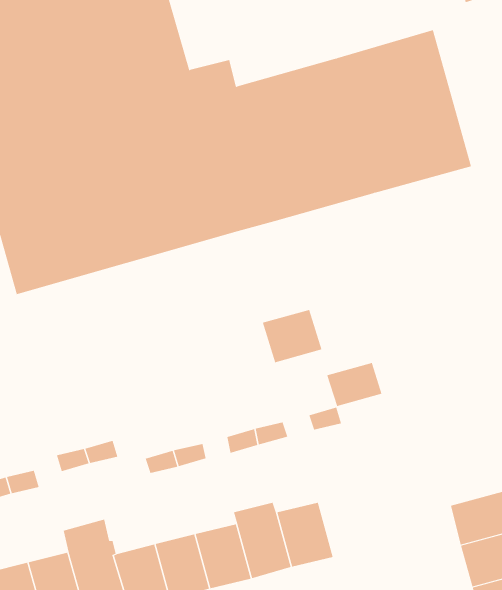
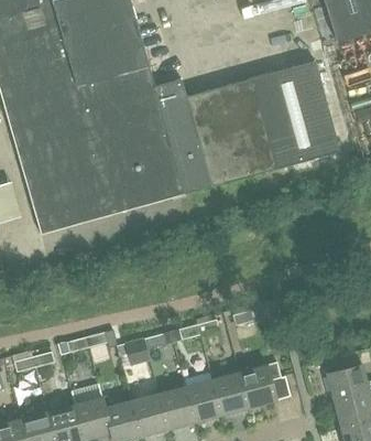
building: [262,309,322,363] -> none
building: [327,362,382,407] -> none
building: none -> [239,362,281,408]

